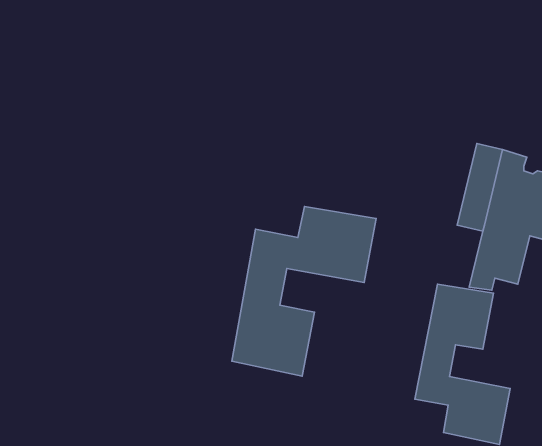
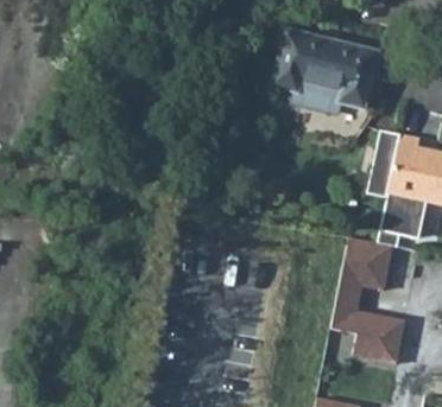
building: none -> [271,27,377,110]
building: [232,207,376,376] -> none

